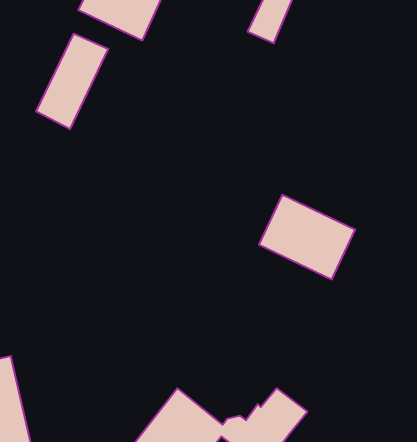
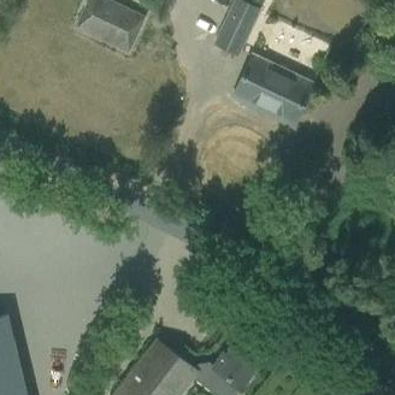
building: [36,34,108,129] -> none
building: [259,195,355,279] -> [232,57,312,126]

